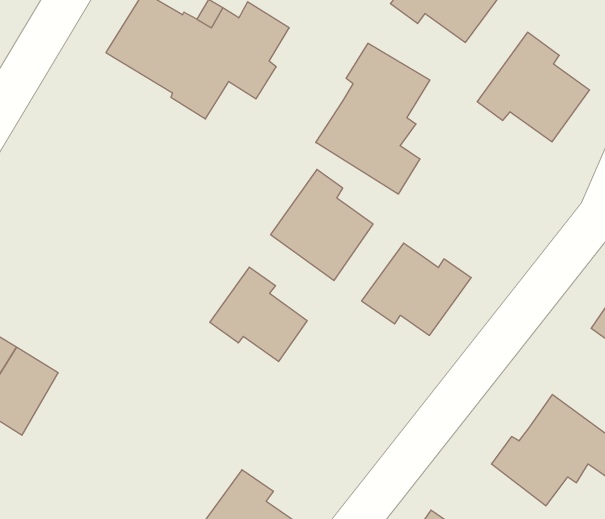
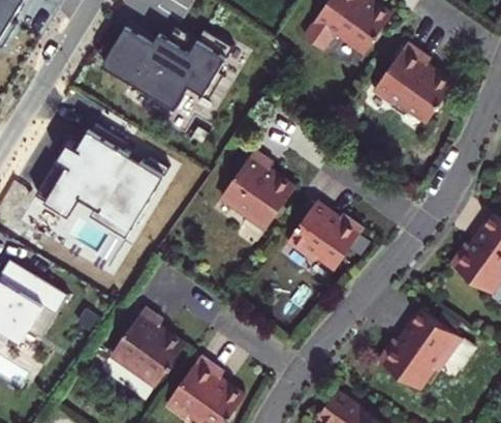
building: [316,43,430,194] -> none
building: none -> [37,124,169,229]
building: [210,267,307,362] -> none
building: none -> [103,309,179,389]

